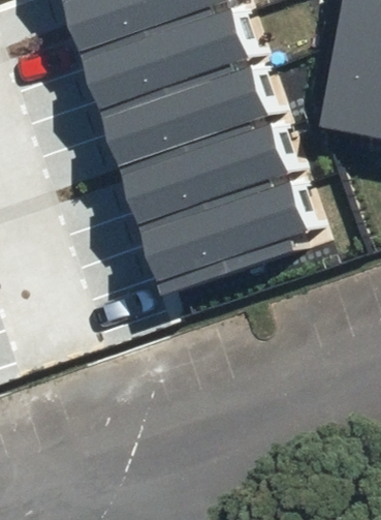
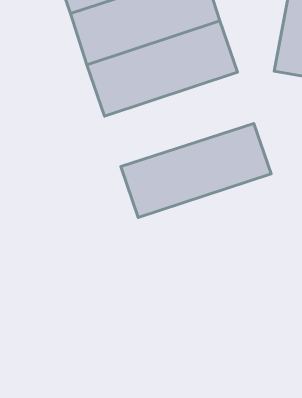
building: [131,128,299,235] -> none

